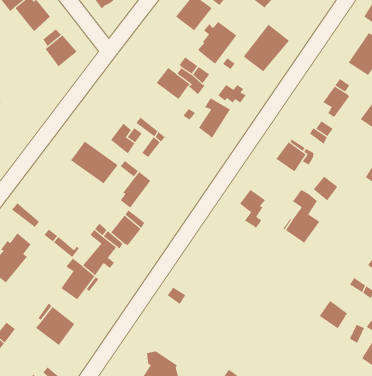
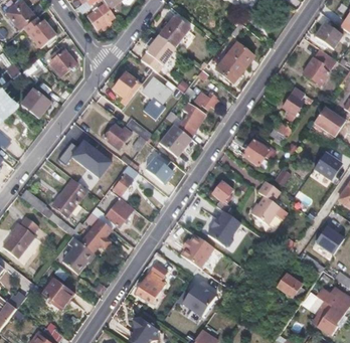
building: [197,21,237,64] -> [142,35,175,71]
building: none -> [113,70,141,106]
building: none -> [22,89,49,117]
building: none -> [159,124,192,156]
building: none -> [144,154,173,181]
building: none -> [53,178,88,215]
building: none -> [208,210,241,246]
building: none -> [181,233,216,269]
building: none -> [138,273,165,302]
building: none -> [177,282,217,315]

